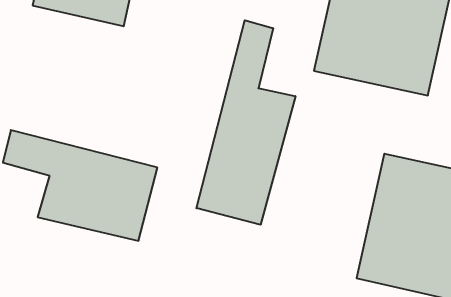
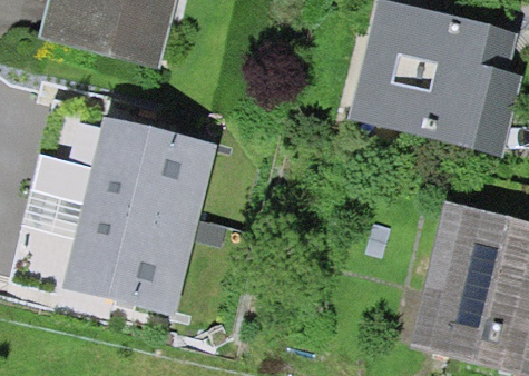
building: [196,20,295,225] -> none
building: none -> [30,113,217,229]

